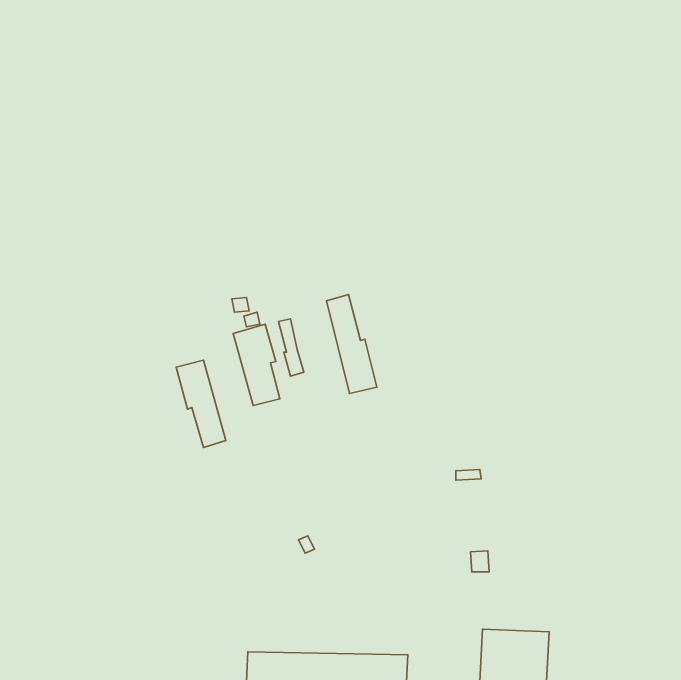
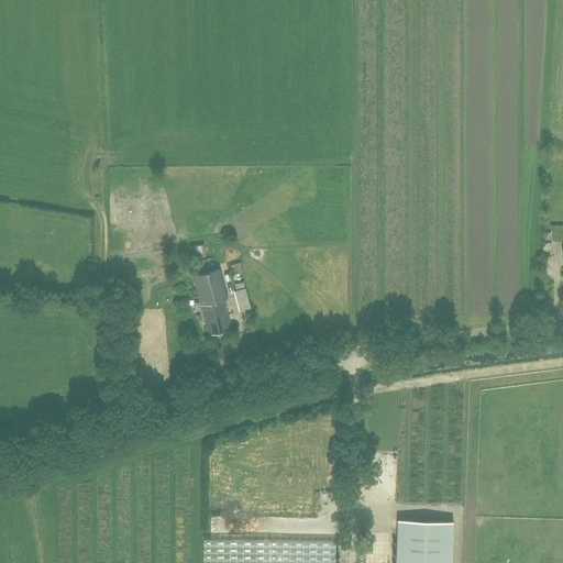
building: [327,295,377,393] -> none
building: [176,360,226,447] -> none

